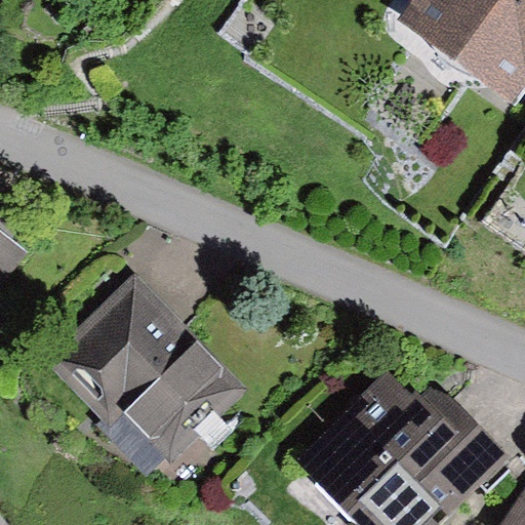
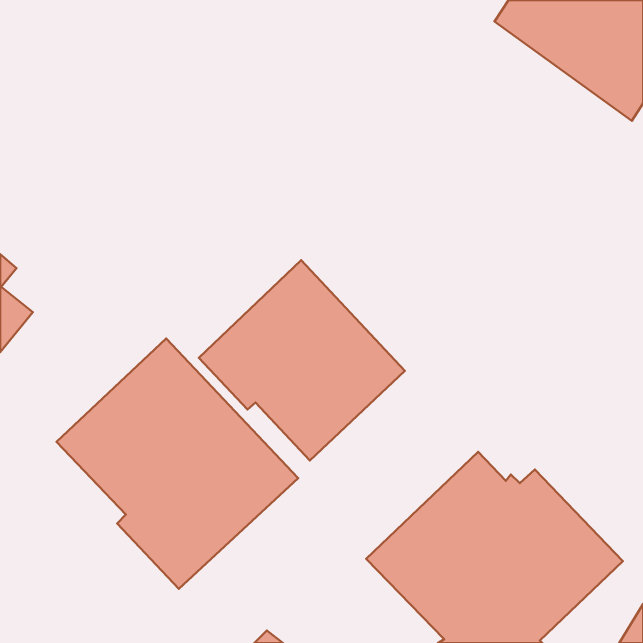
building: none -> [199,260,405,460]

